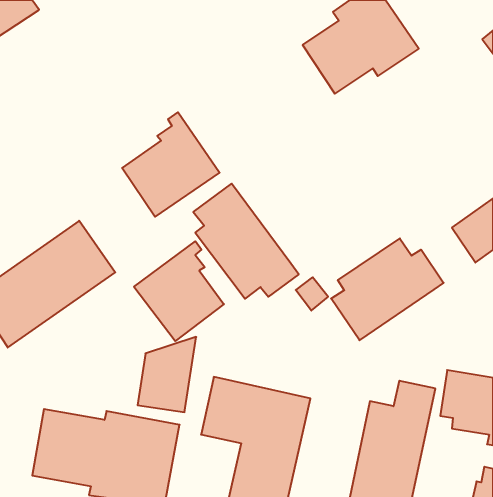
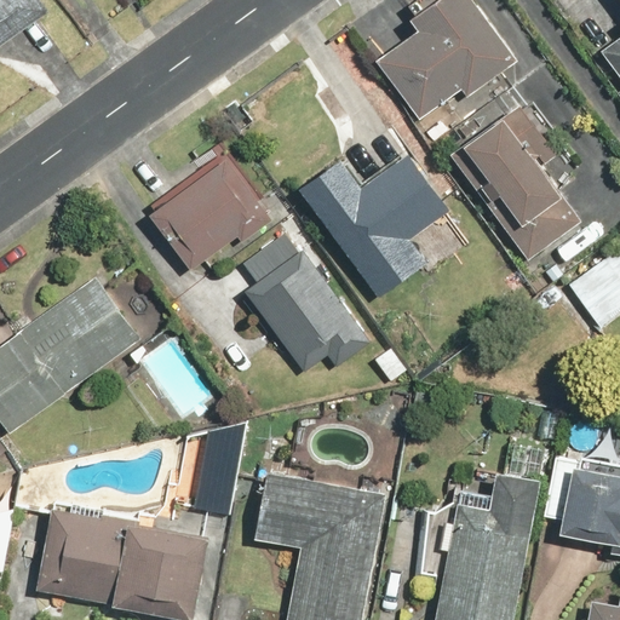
building: none -> [467,103,585,263]
building: none -> [299,151,454,297]
building: [331,238,444,340] -> none
building: [134,241,224,341] -> none

